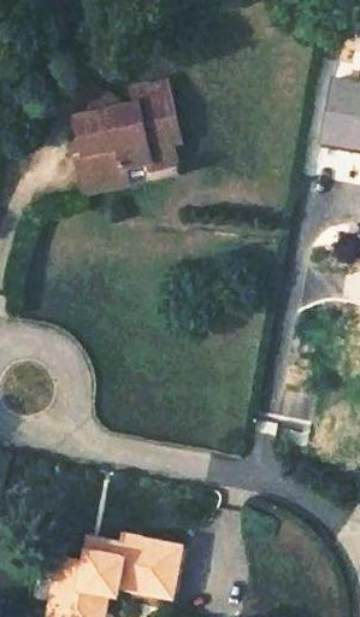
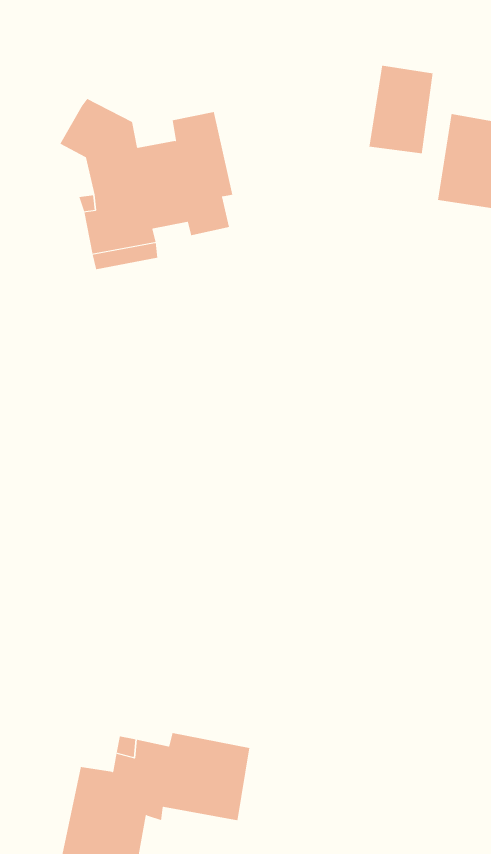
building: none -> [369,65,433,154]

